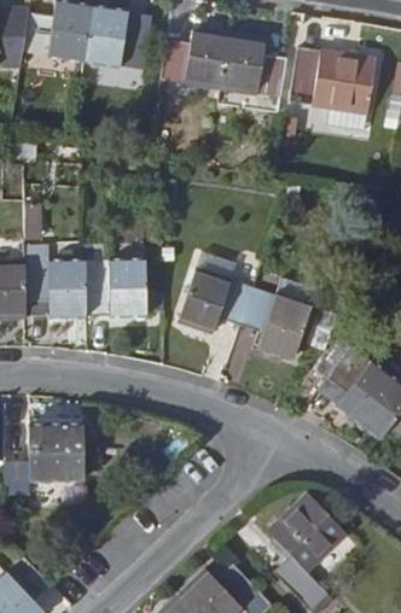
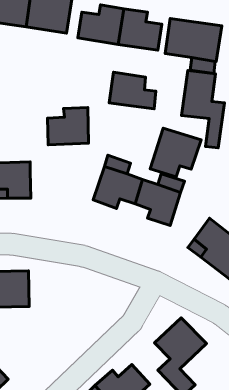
building: none -> [182,71,224,148]
building: none -> [109,72,156,109]
building: none -> [150,128,201,177]
building: [85,259,146,315] -> [47,108,89,145]

